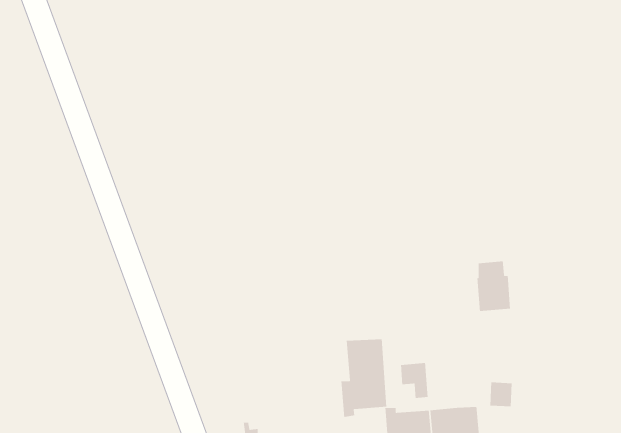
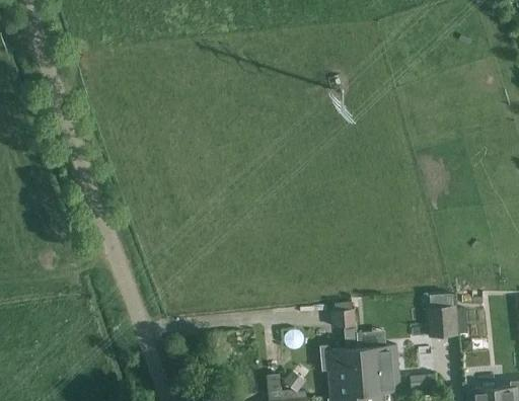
building: [477,260,511,312] -> [431,295,459,337]
building: [341,338,387,418] -> none

